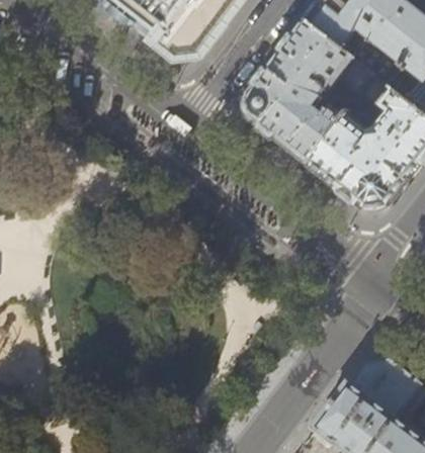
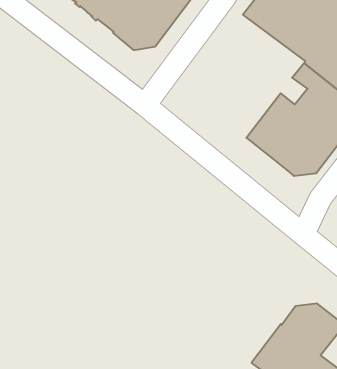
building: [244,19,373,164] -> none

